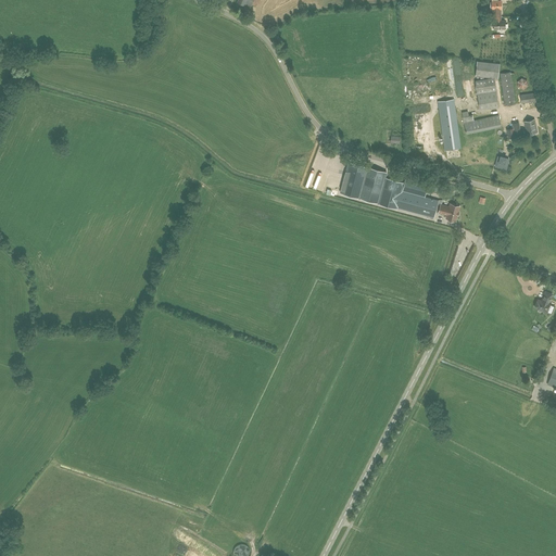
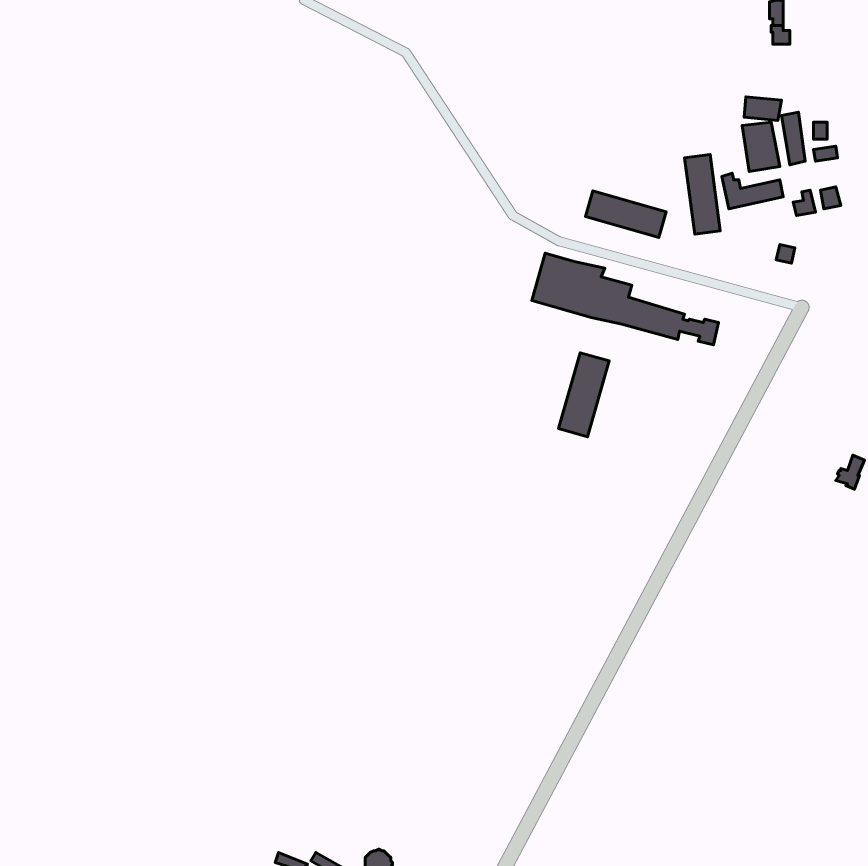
building: none -> [585,191,666,238]
building: none -> [559,353,609,437]

